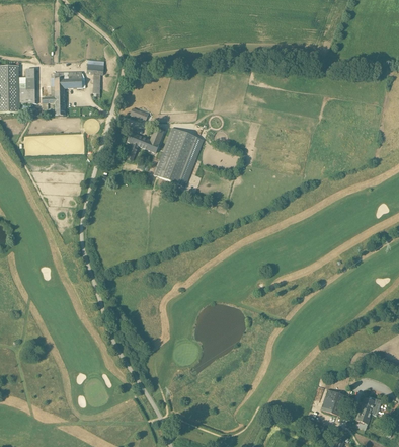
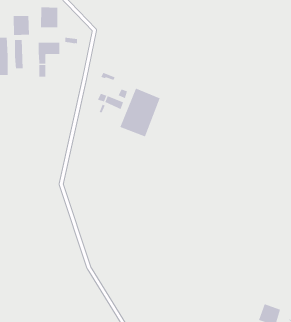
building: none -> [41,6,58,28]
building: none -> [13,15,29,36]

